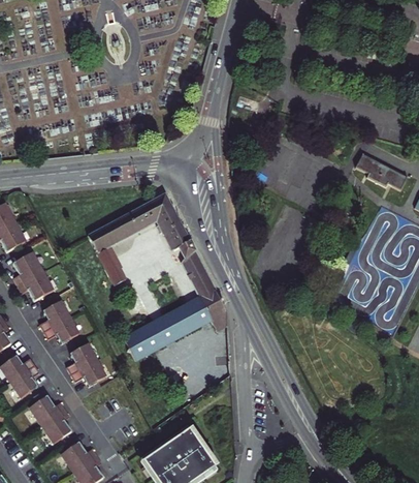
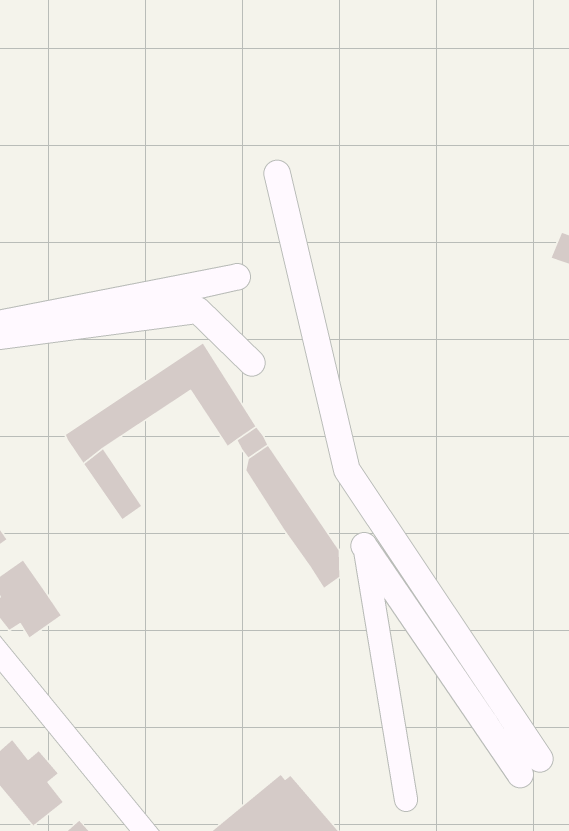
building: [125,298,212,361] -> none
building: [66,342,105,385] -> none

